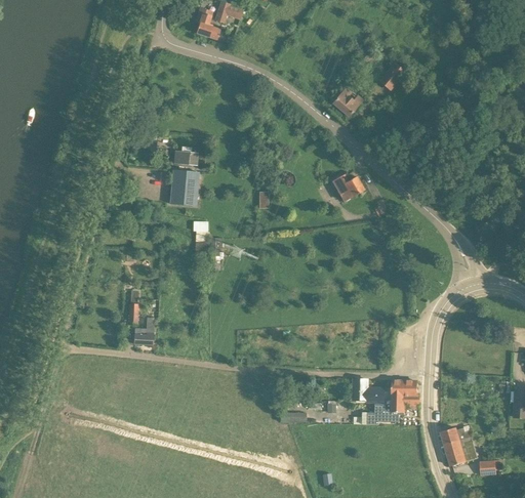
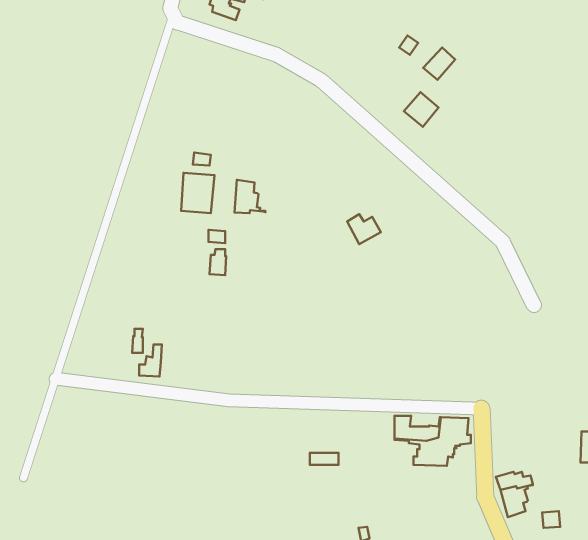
building: [332,87,362,117] -> [404,92,438,127]
building: [334,174,363,200] -> [347,214,381,244]
building: none -> [234,180,266,213]

